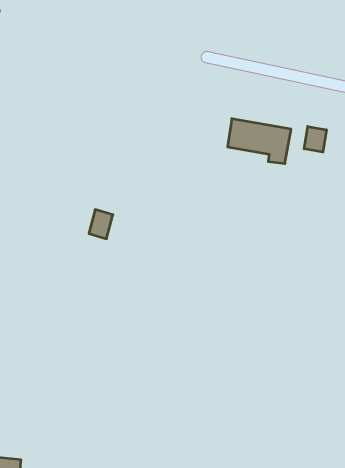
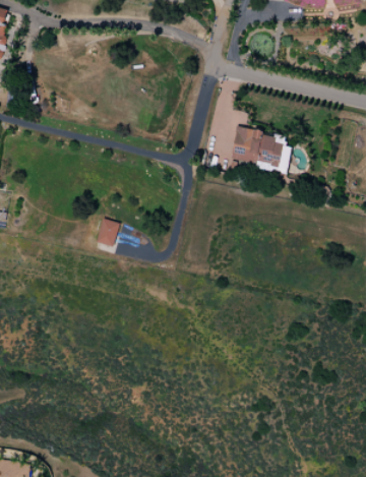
building: [304,126,326,152] -> none

